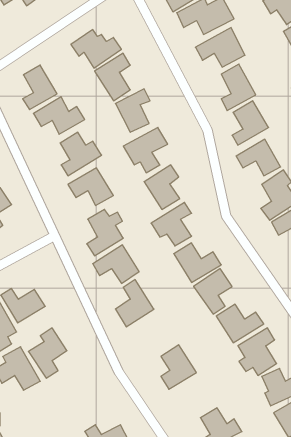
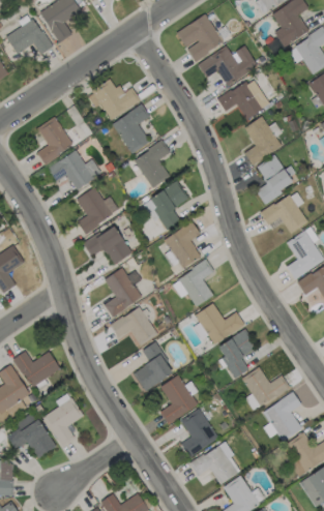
building: none -> [159,375,198,423]
building: none -> [189,444,238,484]

